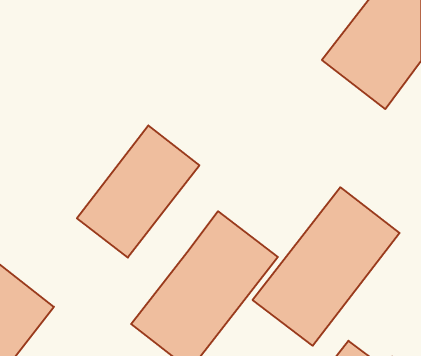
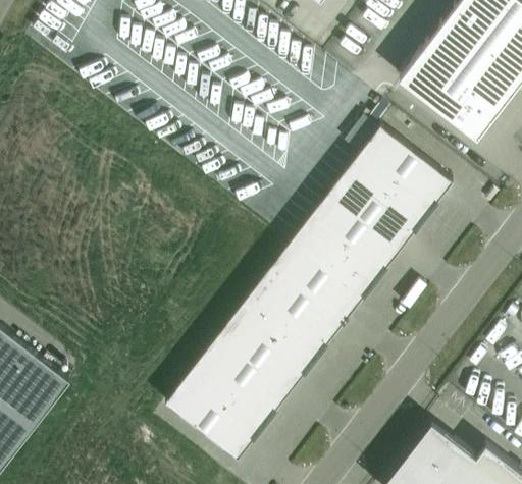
building: [77,125,199,258] -> none
building: [253,187,400,346] -> [271,127,452,322]

